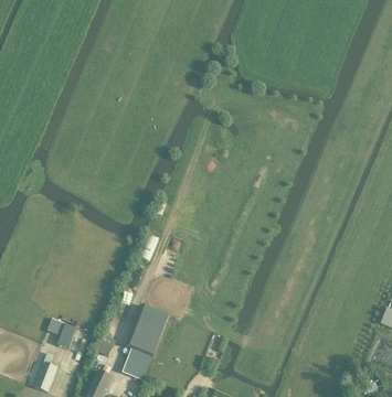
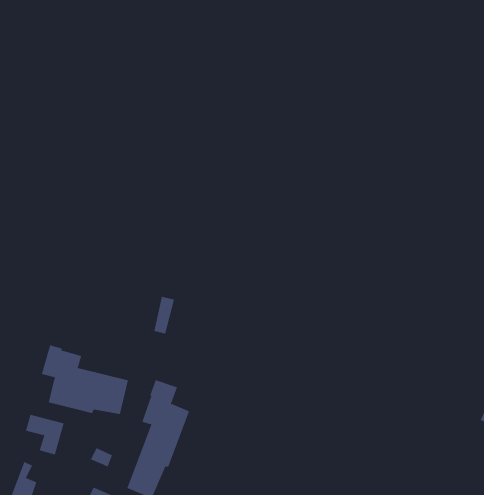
building: none -> [41,345,129,415]

